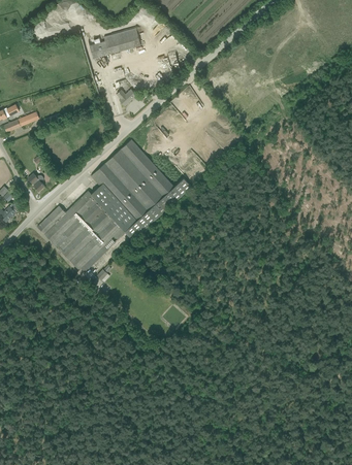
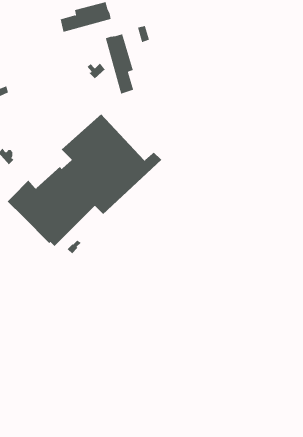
building: none -> [105,33,134,94]

